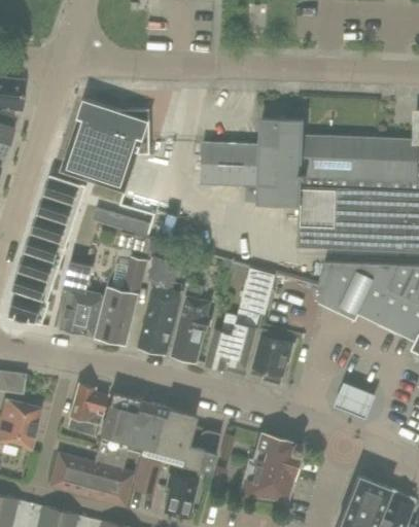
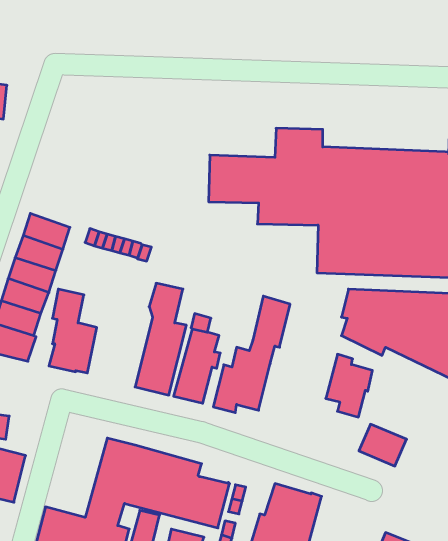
building: [61,100,150,192] -> none
building: [44,175,86,207] -> none
building: [97,257,145,345] -> none
building: [252,329,293,385] -> [326,354,372,417]
building: [67,384,107,436] -> none

